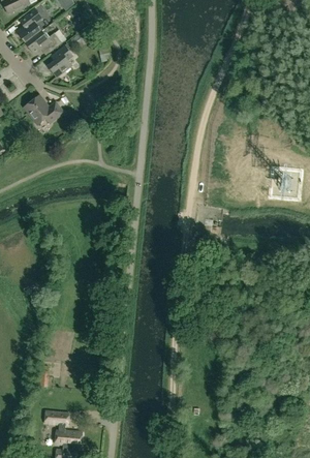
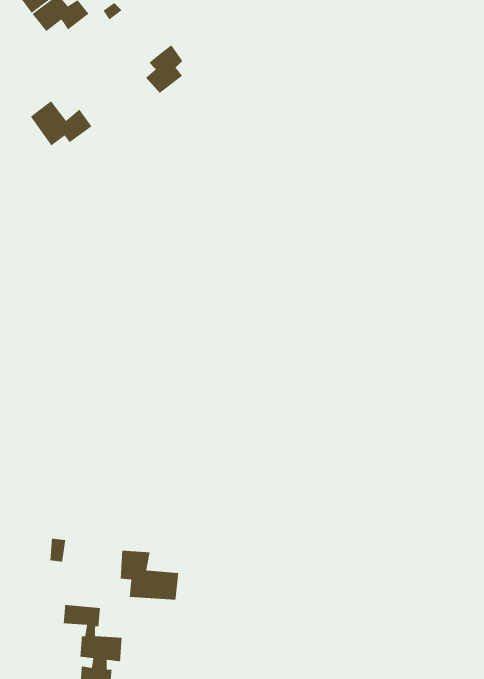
building: [48,44,71,75] -> [145,44,183,94]
building: none -> [120,550,179,601]

